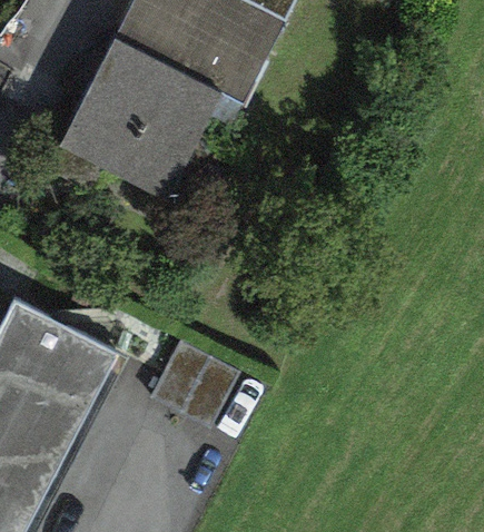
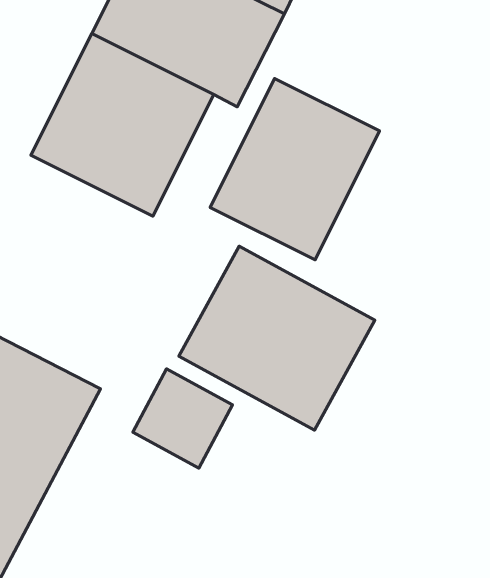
building: none -> [210,78,380,260]
building: none -> [179,246,375,430]

